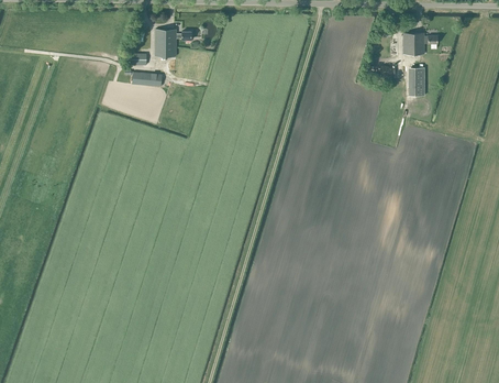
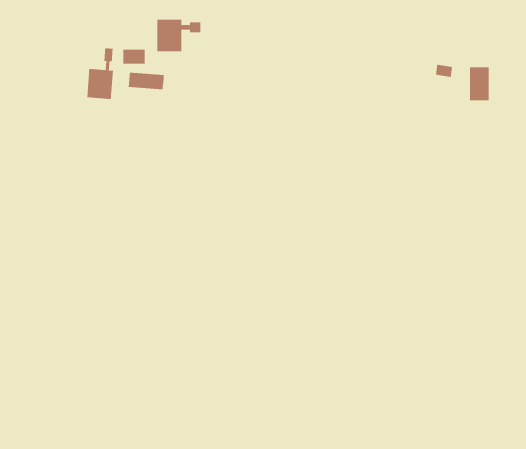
building: [403,33,437,54] -> none
building: none -> [87,48,113,100]

